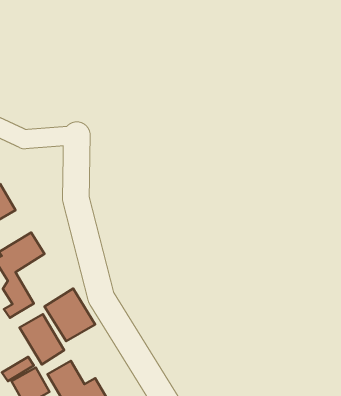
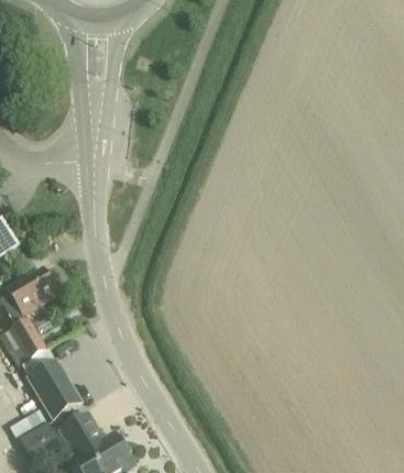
building: [45,289,95,341] -> none

